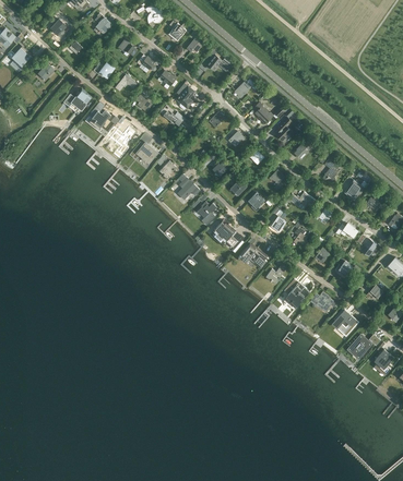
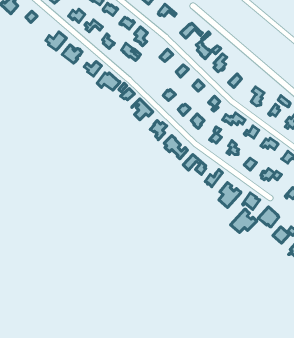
building: none -> [231,209,257,233]

